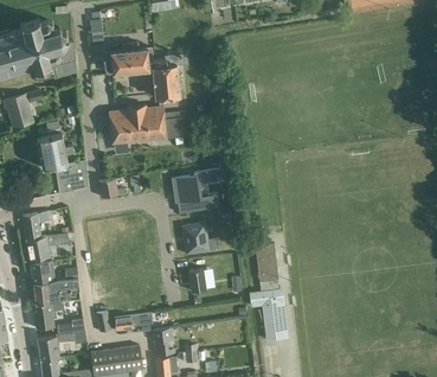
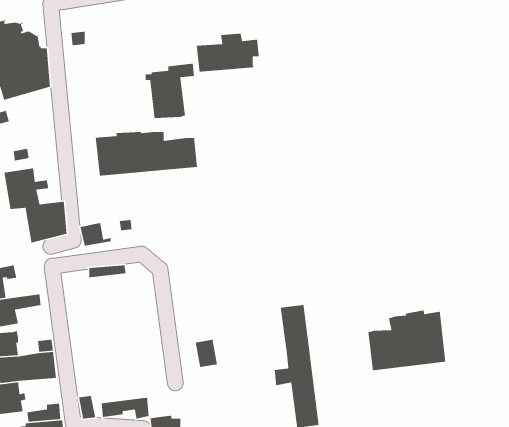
building: [103,43,153,74] -> [196,33,259,72]
building: [169,168,220,213] -> none
building: [180,222,214,254] -> none
building: none -> [368,310,446,371]

